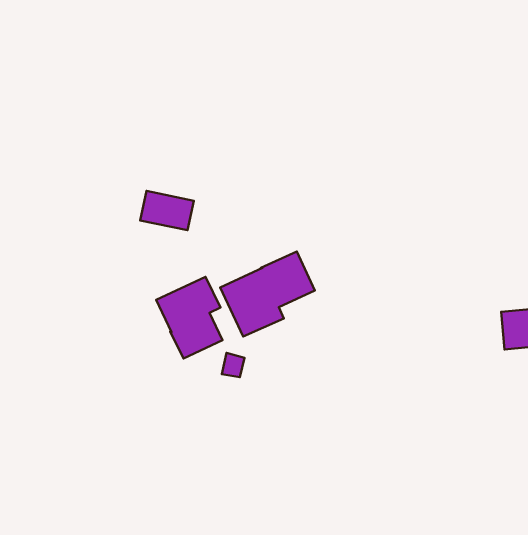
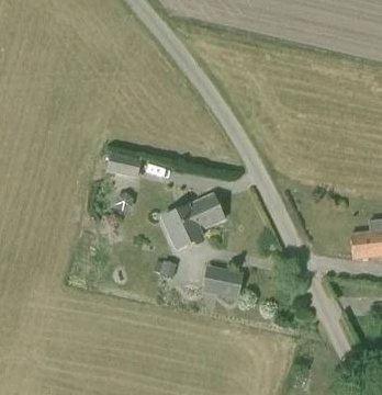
building: [156,277,223,359] -> none
building: none -> [202,264,244,298]

